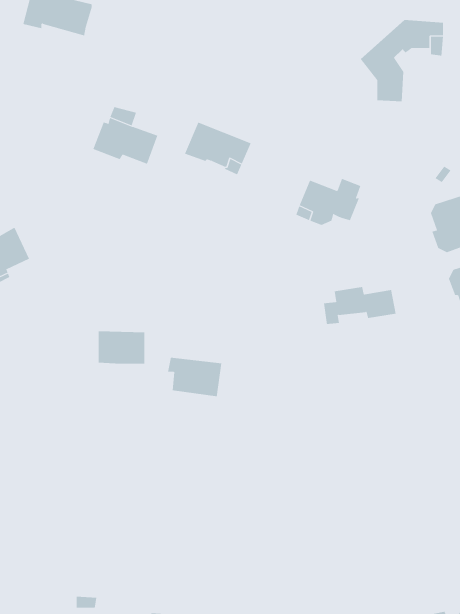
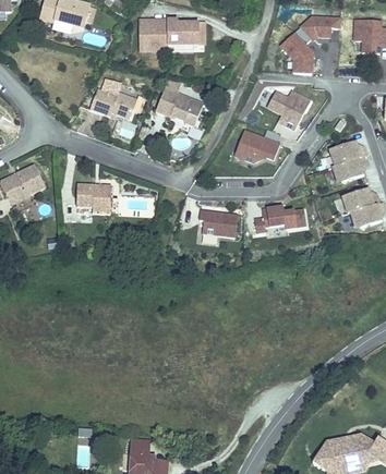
building: none -> [137,17,201,51]
building: none -> [266,90,310,130]
building: [98,331,145,364] -> [76,183,110,207]
building: [167,357,222,397] -> [198,209,238,238]

